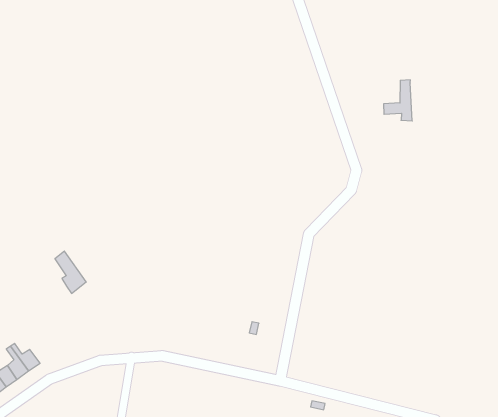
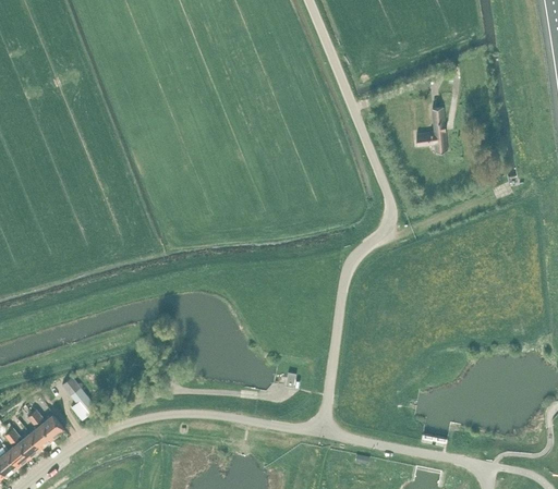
building: [55,251,86,293] -> [62,376,97,420]

